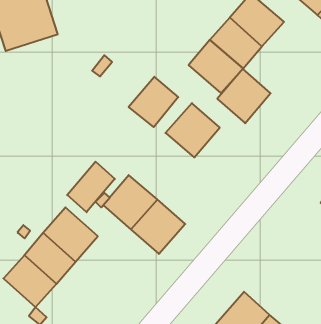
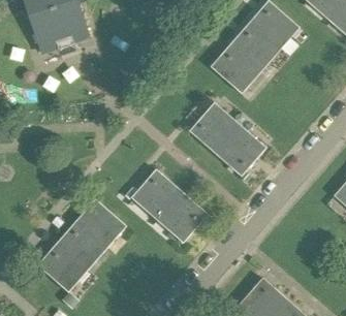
building: [217,69,271,123] -> [216,125,265,176]
building: [129,77,178,127] -> none
building: [67,162,115,212] -> none

